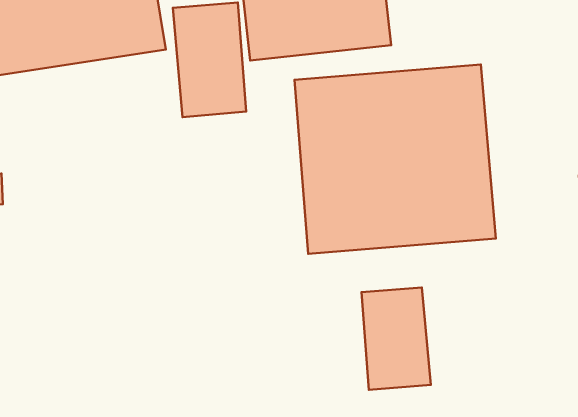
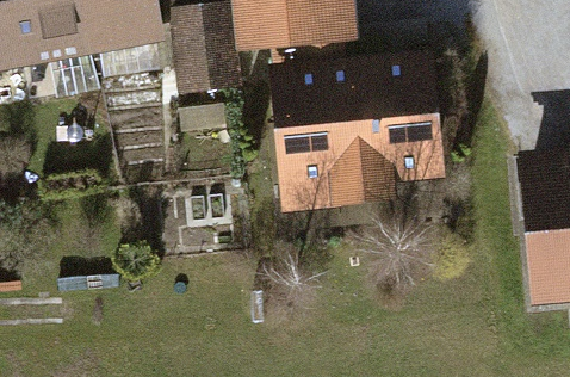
building: [361,287,431,390] -> none

